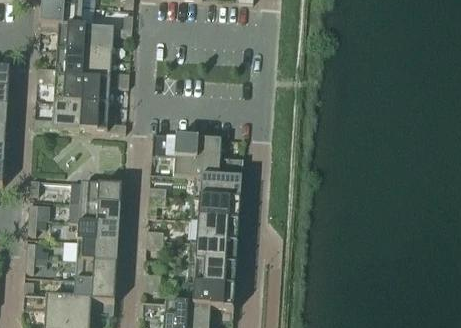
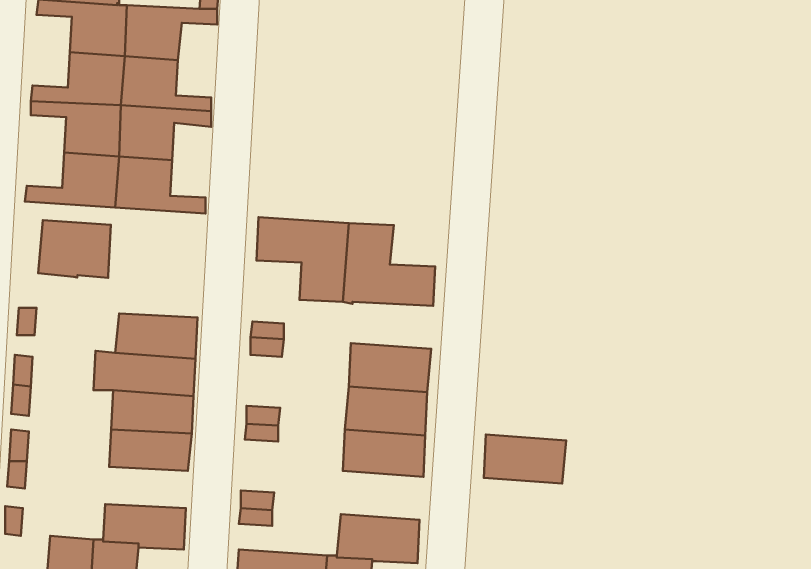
building: none -> [38,220,111,278]
building: [199,175,241,199] -> none
building: [74,259,116,280] -> none
building: [194,261,236,286] -> [484,434,566,484]

